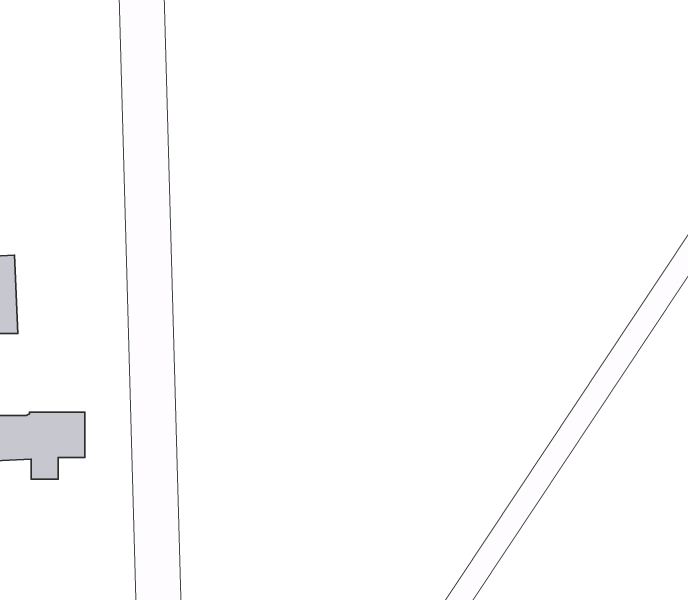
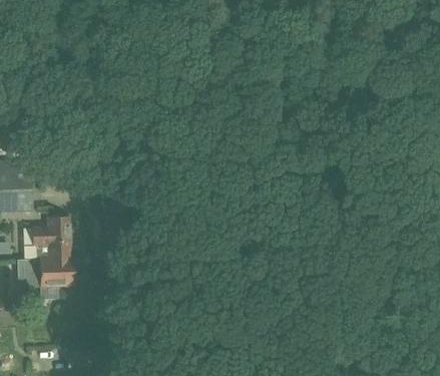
building: none -> [31,217,69,260]

